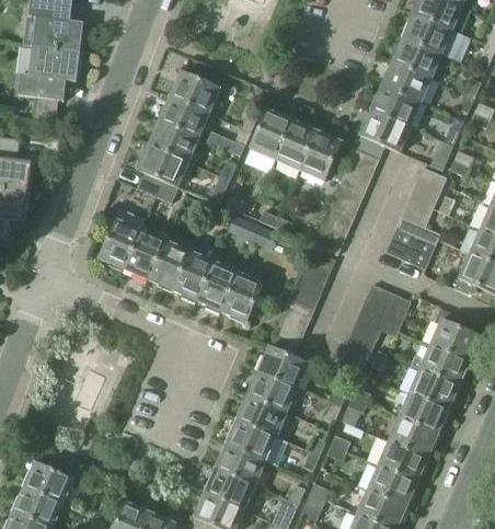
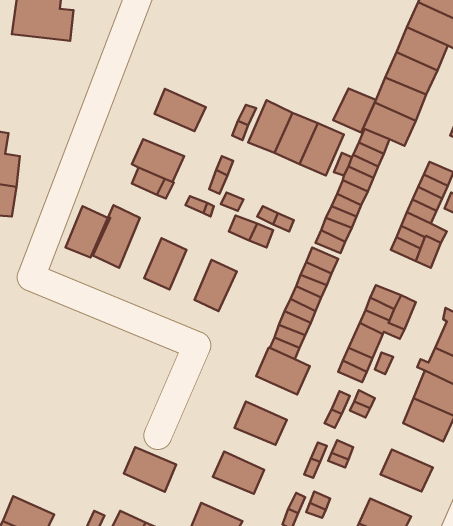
building: [16,46,78,101] -> none
building: [169,71,219,115] -> none
building: none -> [333,88,376,133]
building: [148,122,197,162] -> none
building: [125,230,165,279] -> [66,206,108,258]
building: [173,252,214,300] -> none
building: [220,273,262,322] -> none
building: [246,373,296,415] -> none
building: [387,418,436,461] -> none
building: [226,423,275,463] -> none
building: [23,463,73,506] -> none
building: [366,468,415,508] -> none
building: [204,470,254,513] -> [124,447,176,492]

